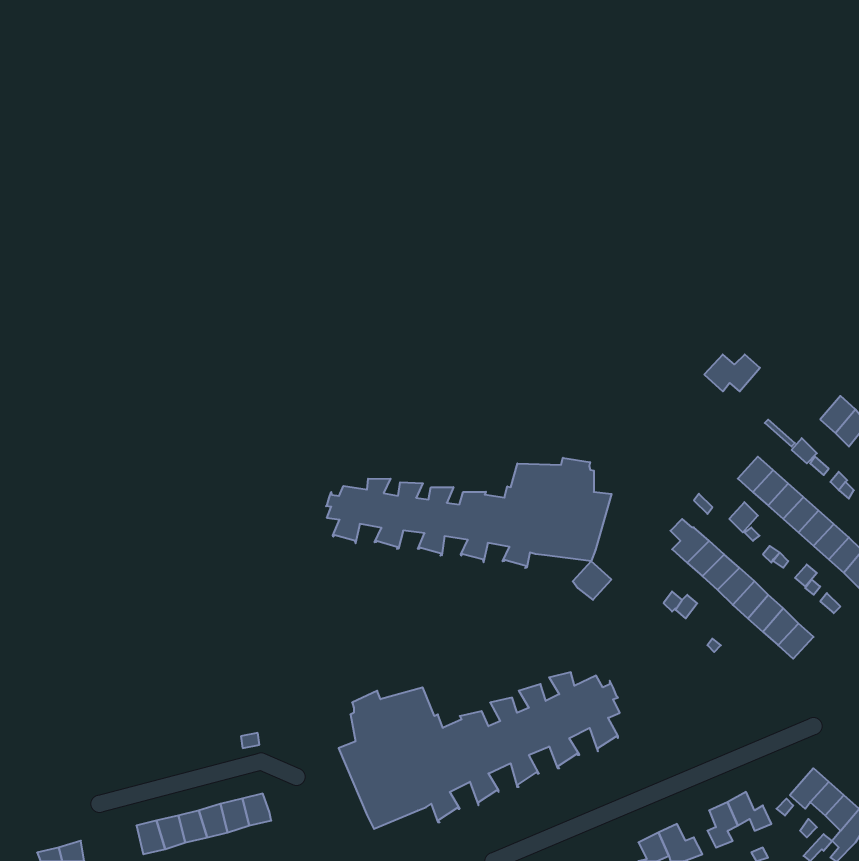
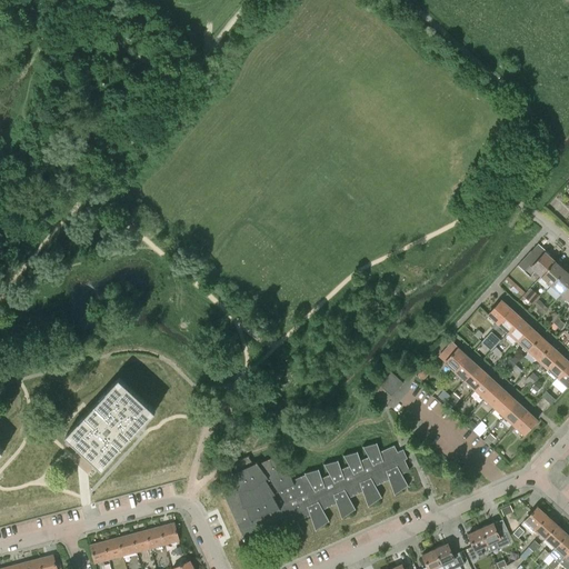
building: [704,354,760,391] -> [519,252,556,277]
building: [326,458,612,568] -> none
building: none -> [66,377,156,469]

